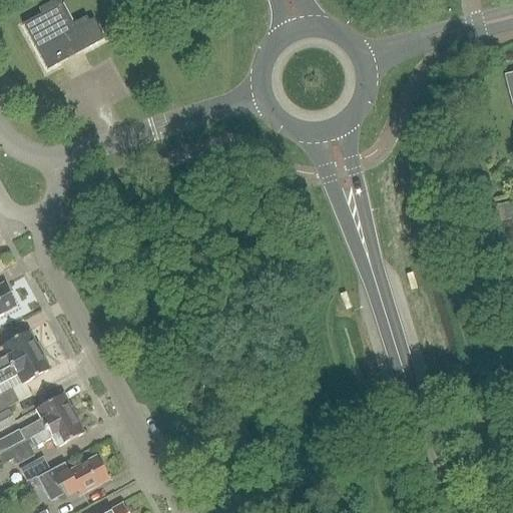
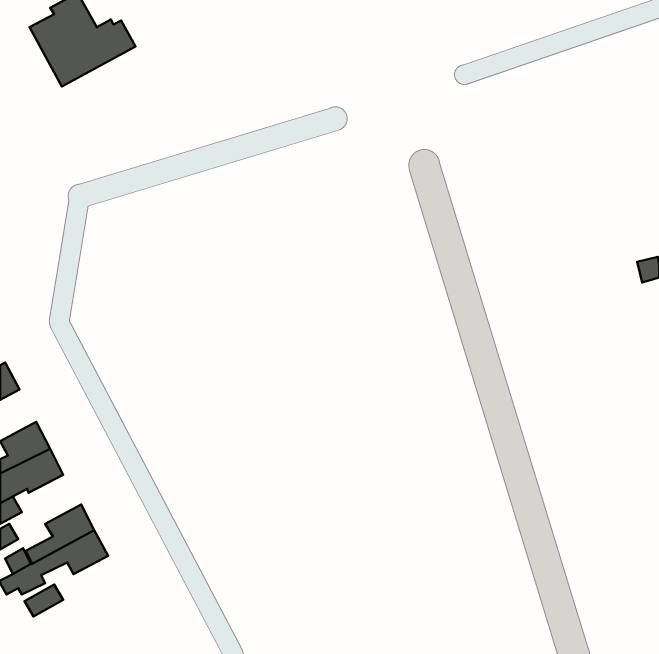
building: [37,451,108,501] -> none

